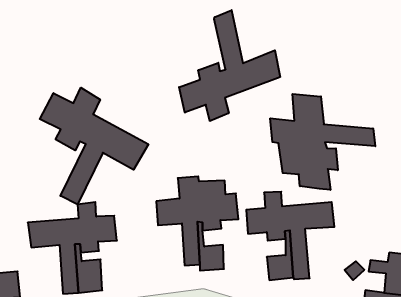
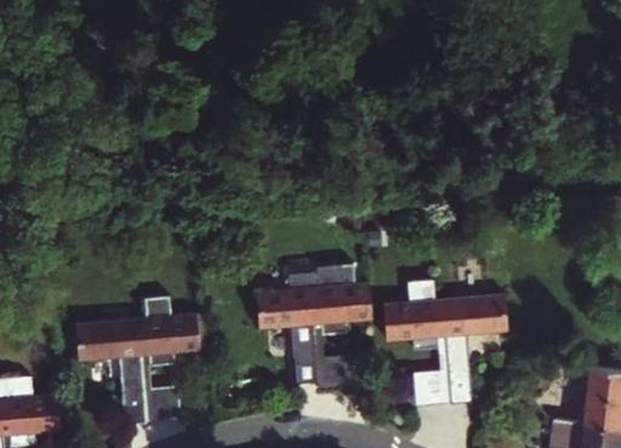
building: [179,10,280,121] -> none
building: [40,88,148,205] -> none
building: [270,94,375,190] -> none

